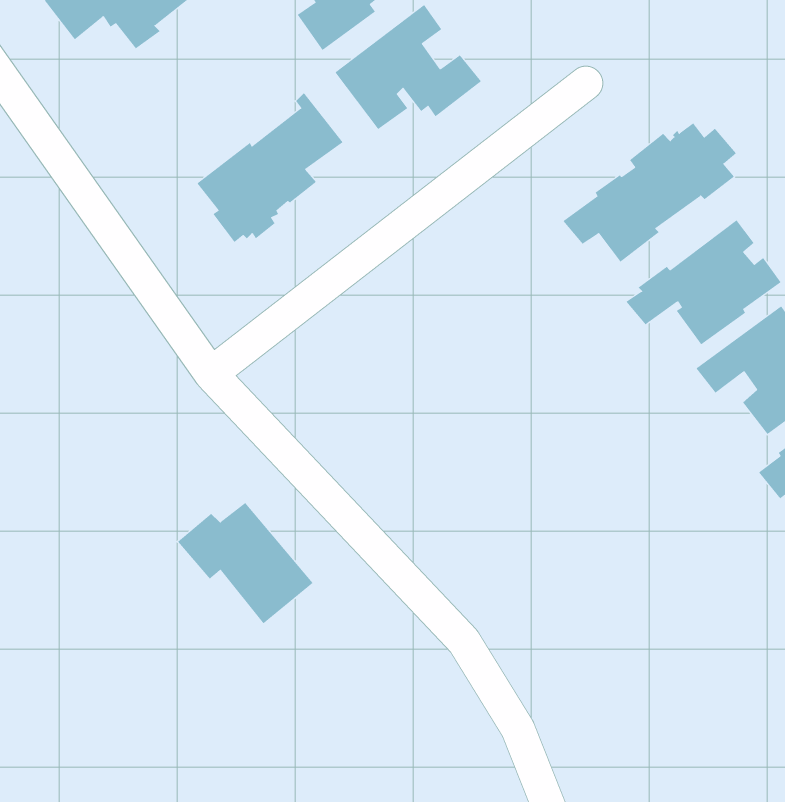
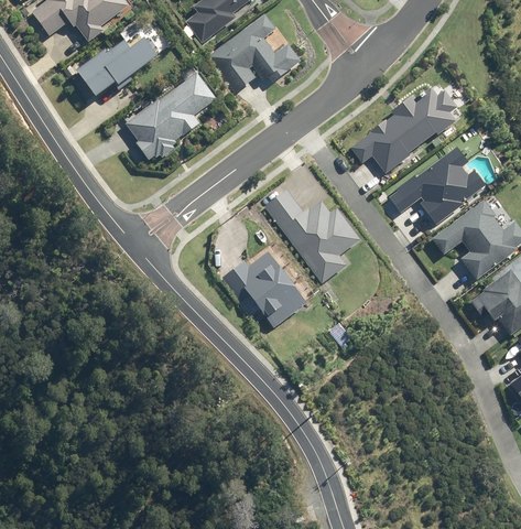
building: none -> [65,40,154,97]
building: none -> [264,187,360,281]
building: [177,502,314,624] -> [221,252,305,327]

